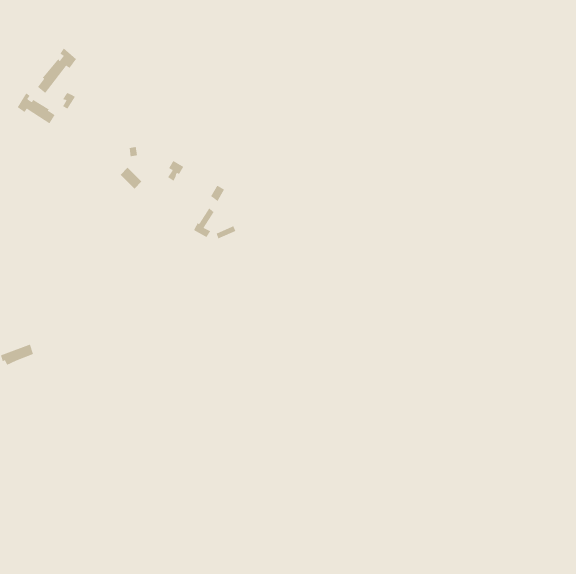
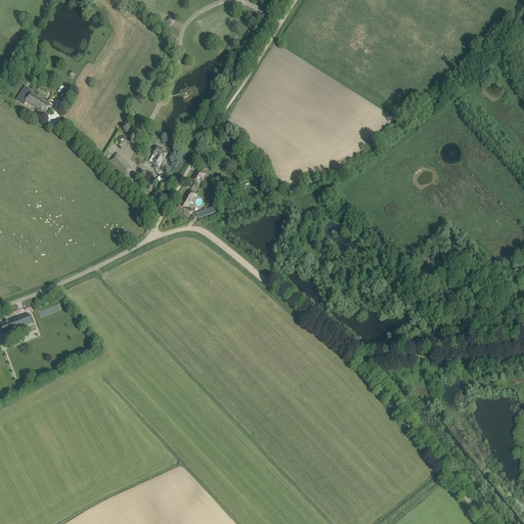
building: [37,48,77,94] -> none

